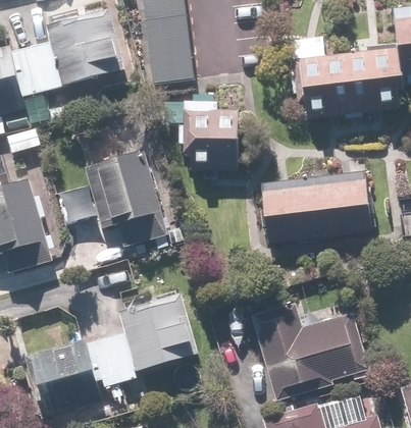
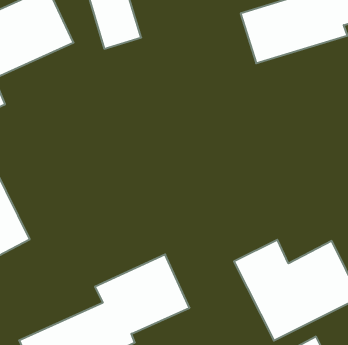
building: [188,114,240,168] -> none
building: [84,150,167,247] -> none
building: [260,173,372,245] -> none

